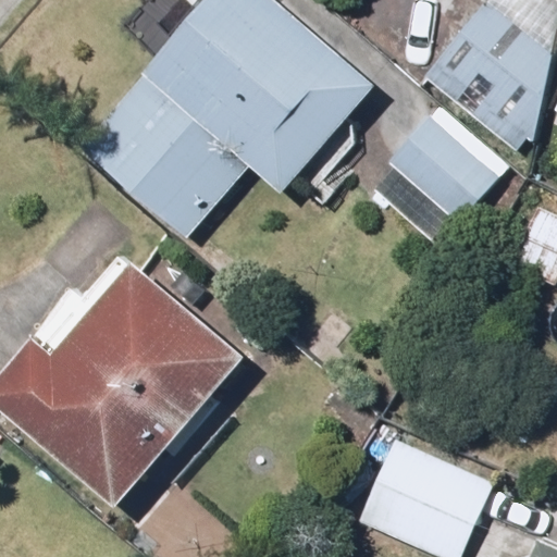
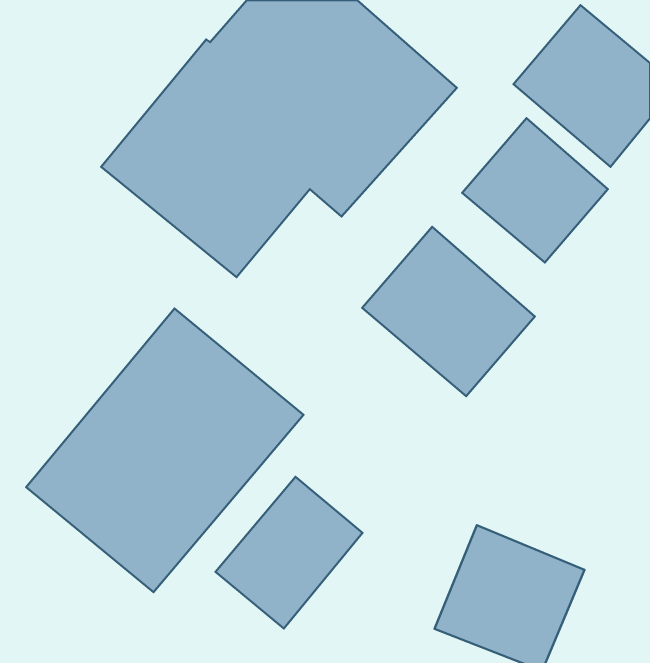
building: none -> [362,227,535,396]
building: none -> [215,477,363,629]

